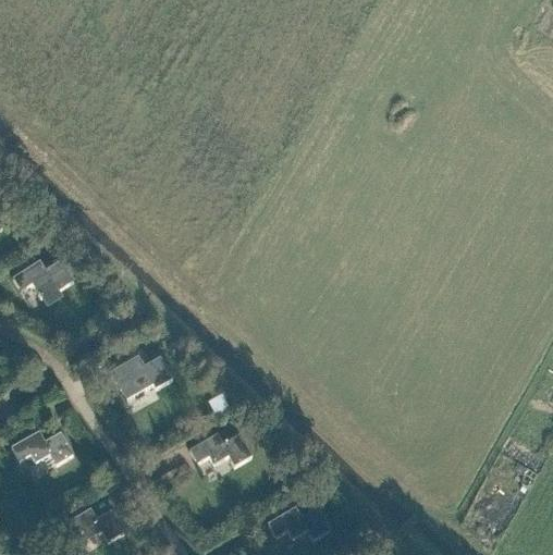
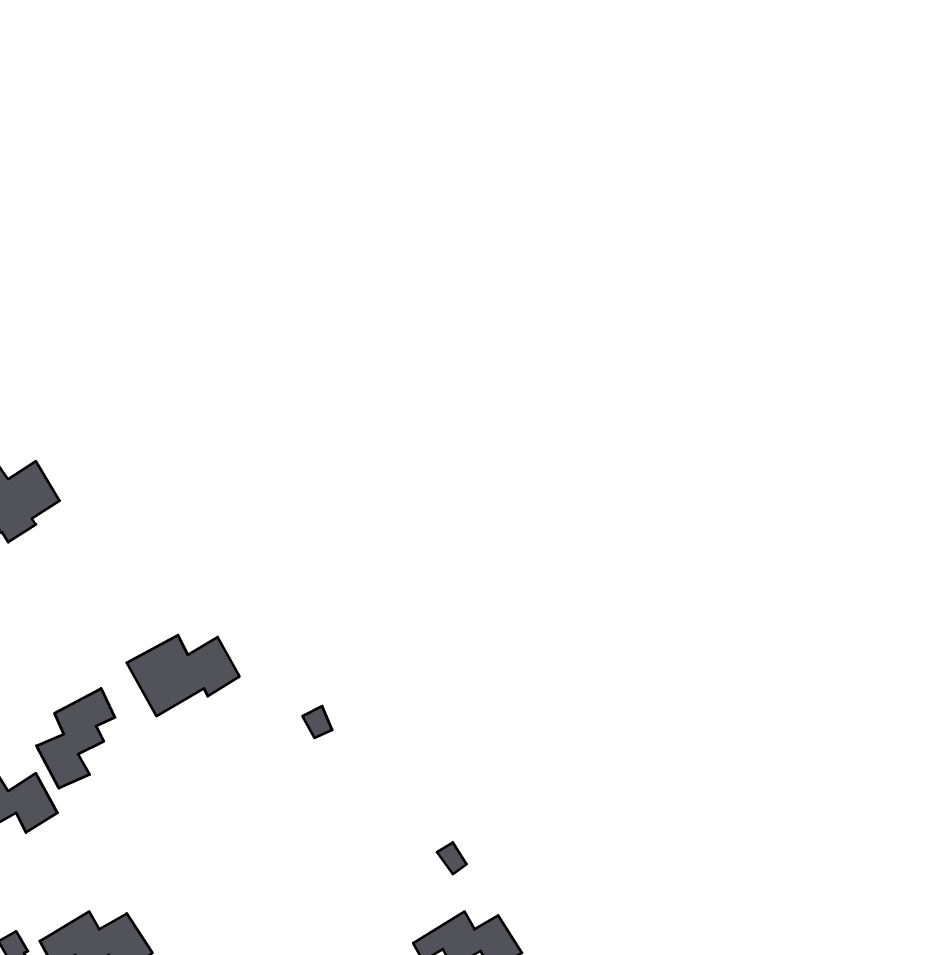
building: none -> [36,688,115,788]
building: [189,433,250,465] -> none

